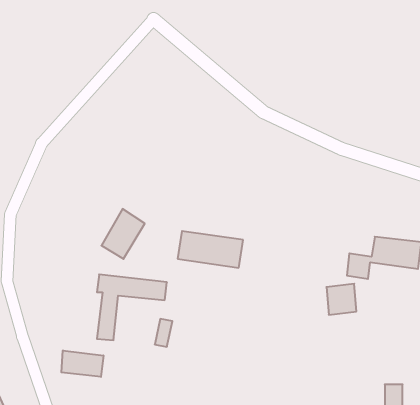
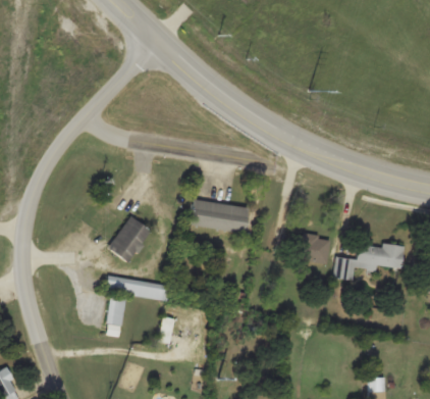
building: [178,231,243,268] -> [189,199,249,233]
building: [326,284,356,315] -> [303,237,330,265]
building: [61,350,103,377] -> none

